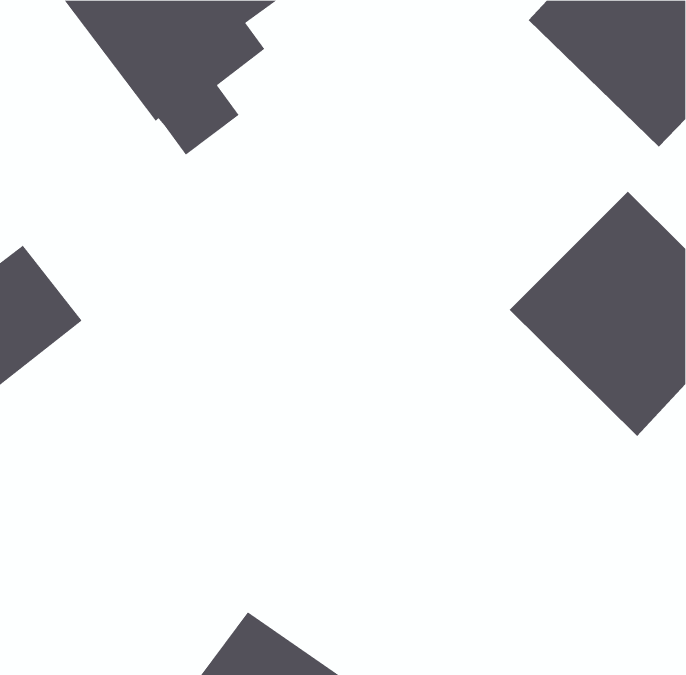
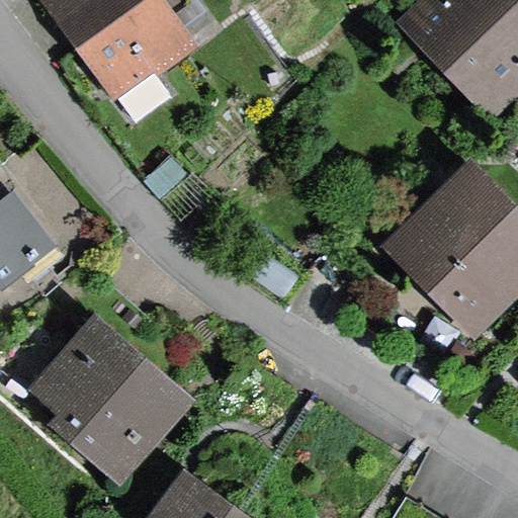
building: none -> [28,311,195,484]

